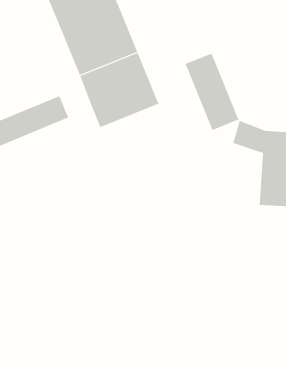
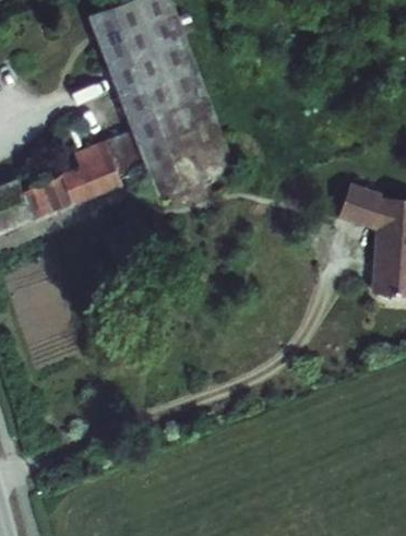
building: [185,53,239,131] -> none
building: none -> [81,128,152,177]

